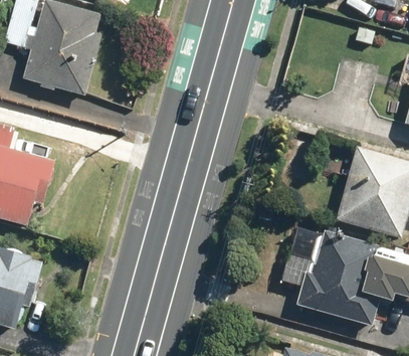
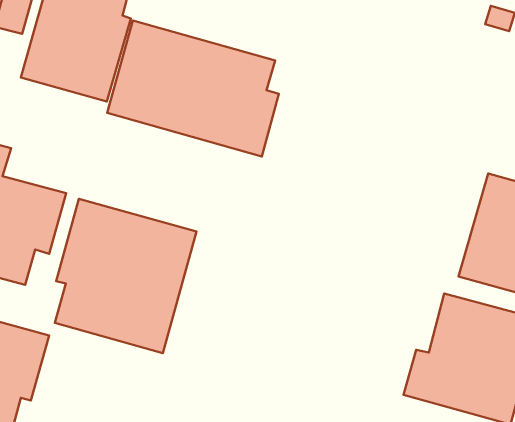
building: none -> [107,20,279,156]
building: none -> [55,199,196,353]

